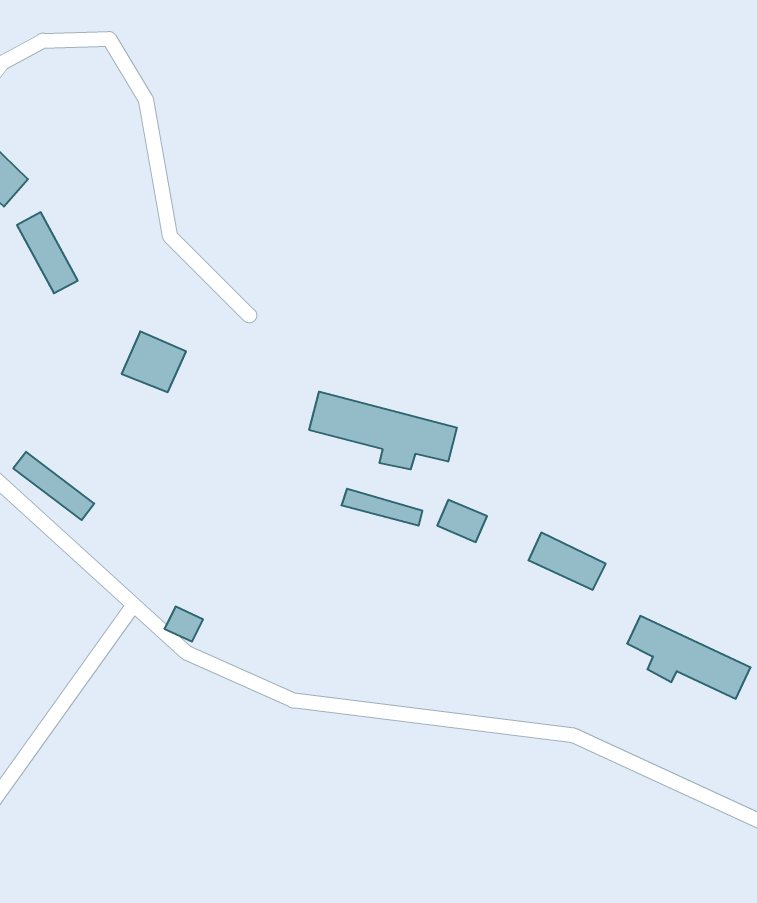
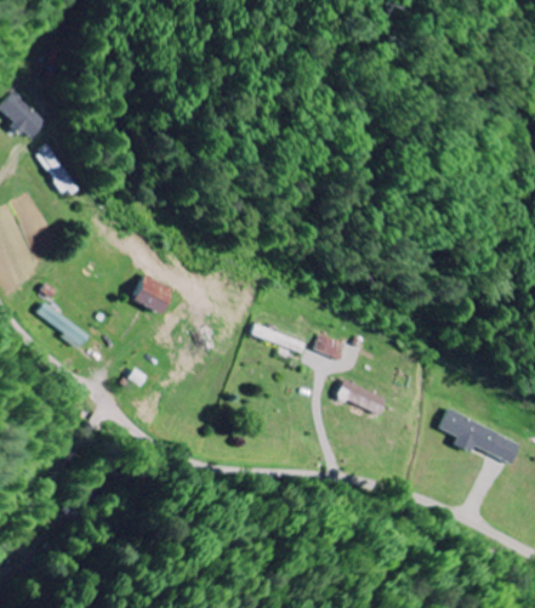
building: [122,331,186,392] -> [129,273,171,313]
building: [309,392,457,469] -> none
building: [528,533,606,590] -> [335,377,386,415]

